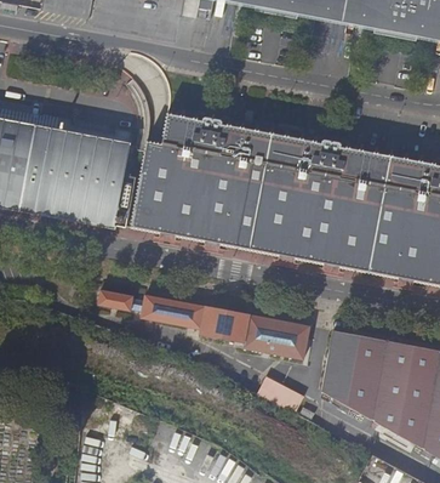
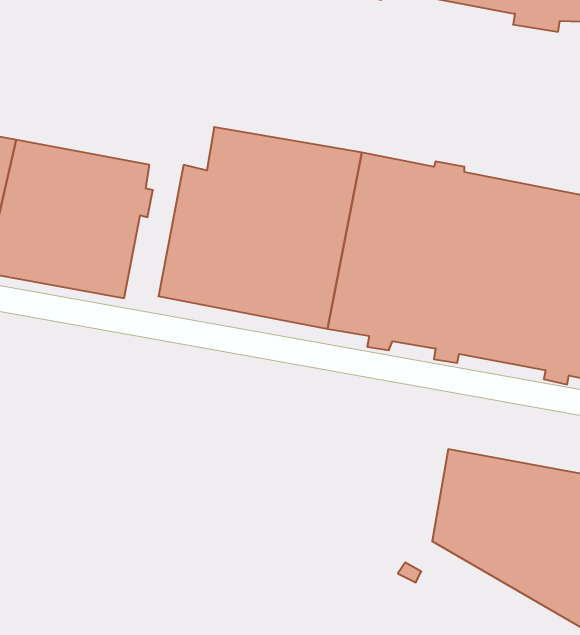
building: [98,289,309,358] -> none
building: [257,375,303,411] -> none

